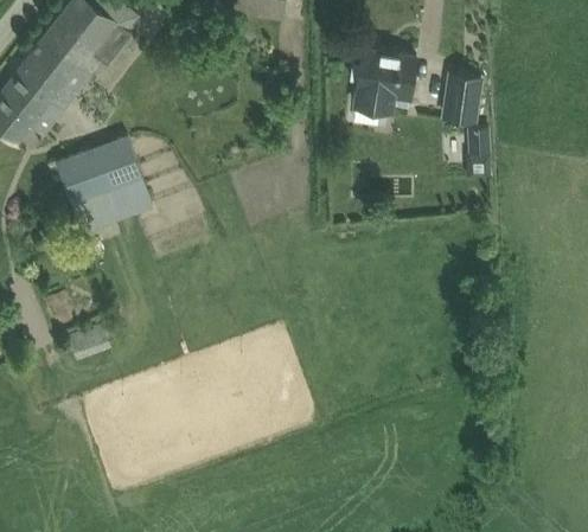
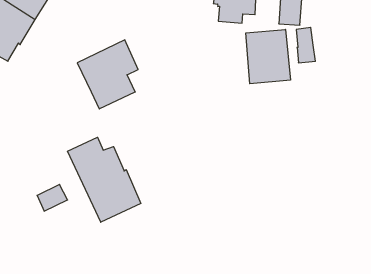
building: none -> [246,29,290,84]
building: [53,136,141,233] -> [77,40,138,109]
building: none -> [67,137,141,222]

